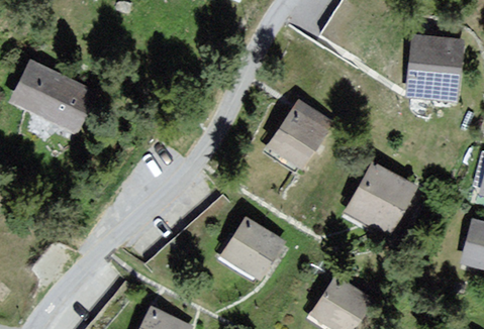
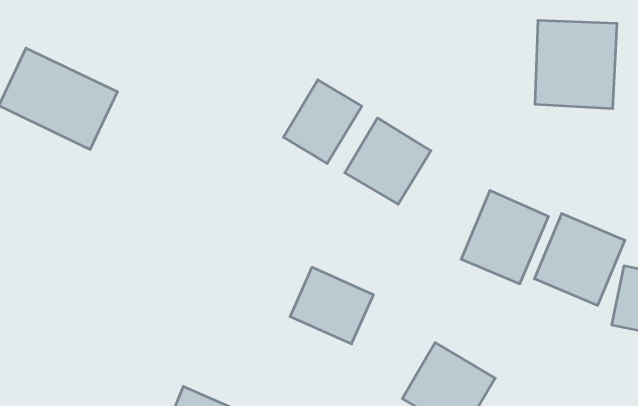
building: none -> [283,80,362,164]
building: none -> [534,213,625,305]

